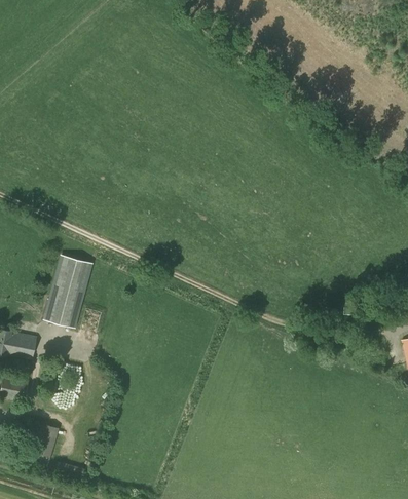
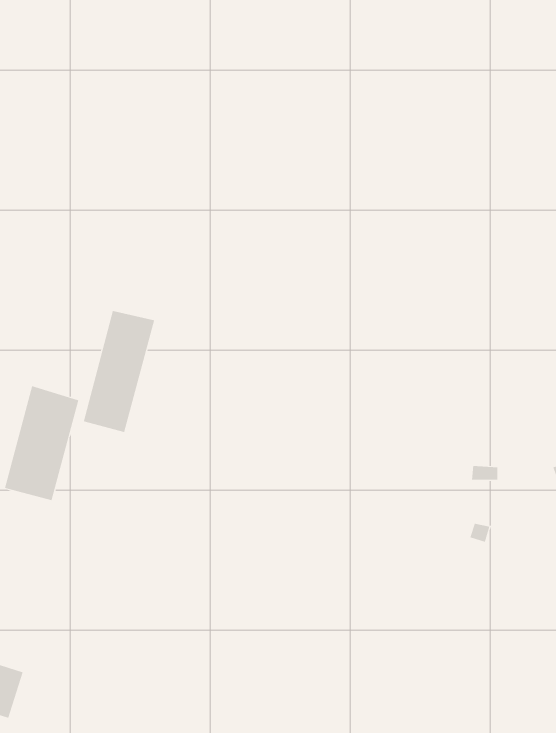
building: none -> [83,310,155,433]

